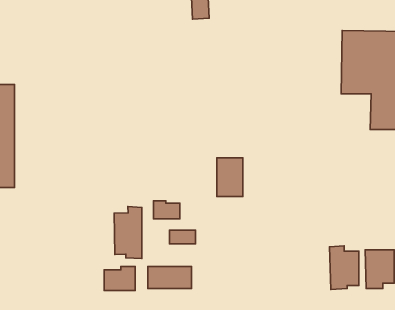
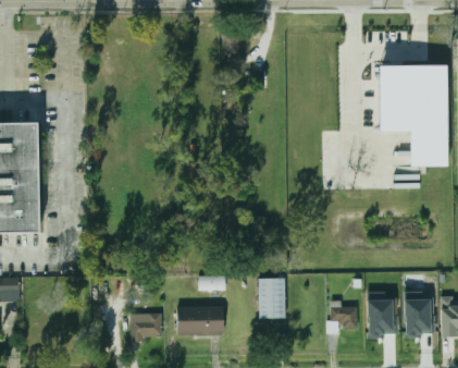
building: [217,158,243,196] -> [259,277,286,317]
building: [153,201,180,219] -> none
building: [114,207,142,259] -> none
building: none -> [329,305,358,331]

